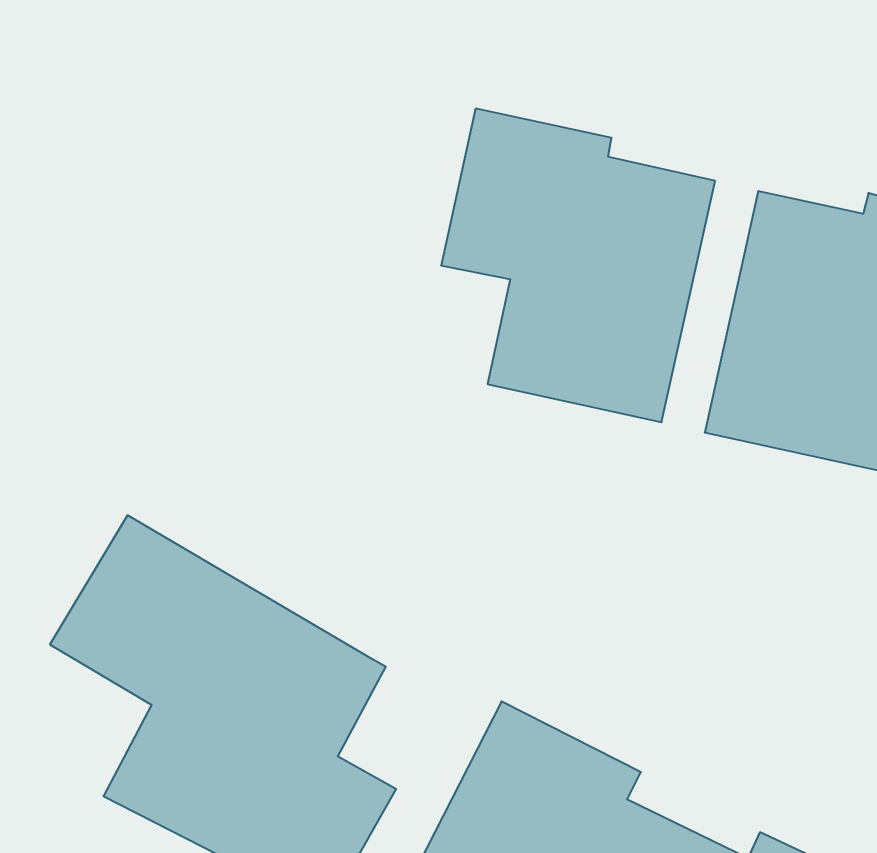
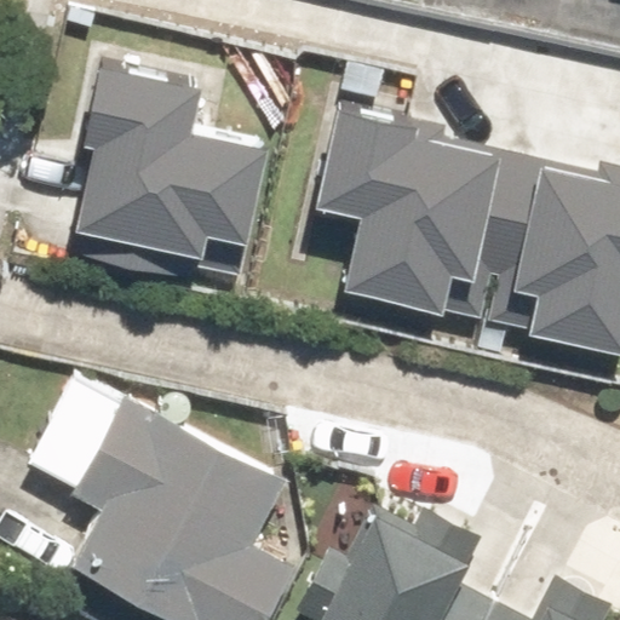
building: none -> [80,54,271,276]

